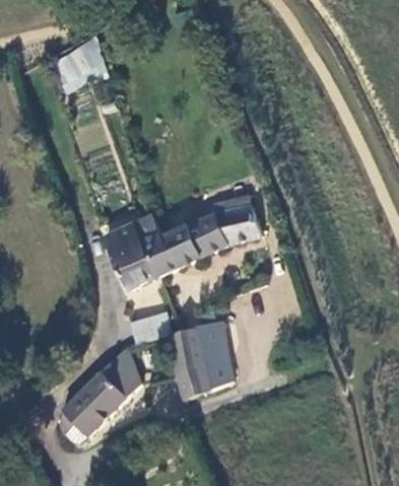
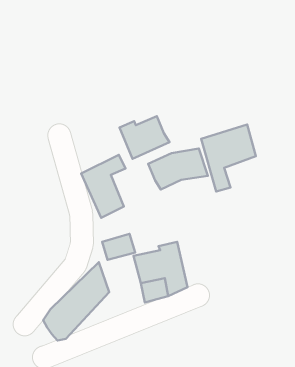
building: [47,34,111,94] -> none
building: none -> [201,125,256,192]
building: [141,223,204,277] -> [120,116,170,159]

